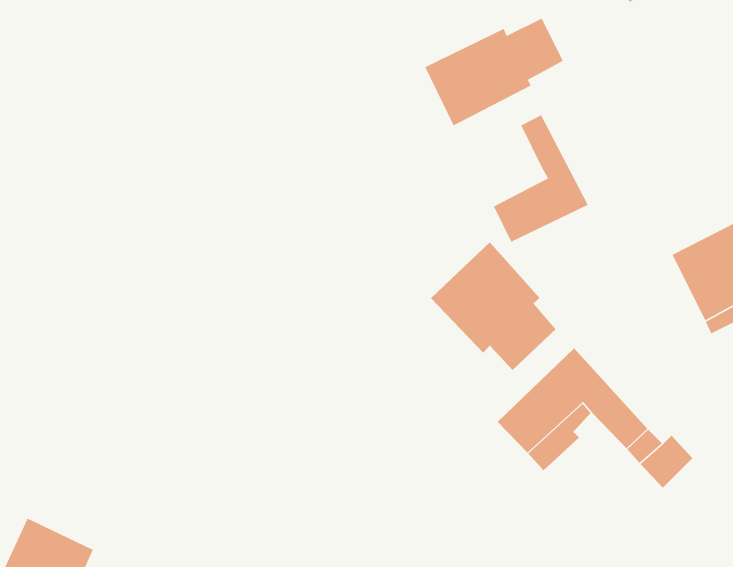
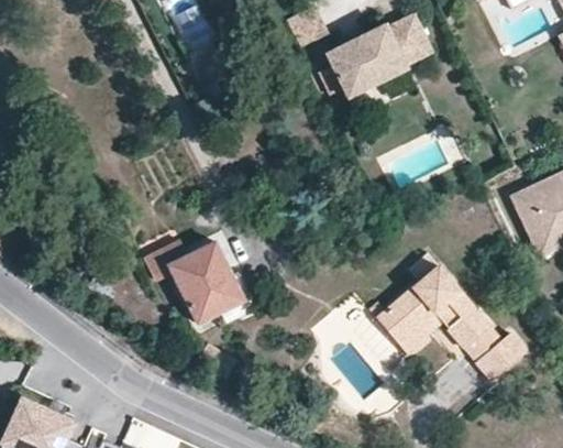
building: [493,114,589,243] -> none
building: [430,241,556,371] -> none
building: none -> [144,240,243,320]

